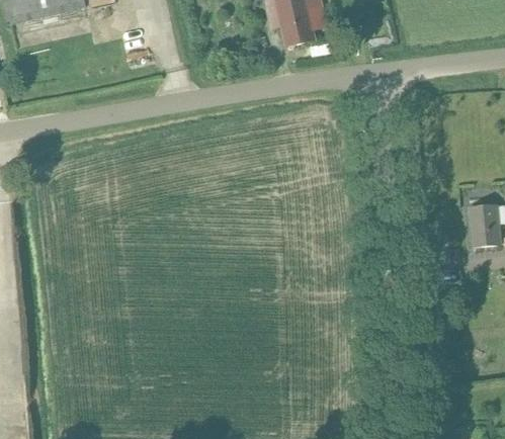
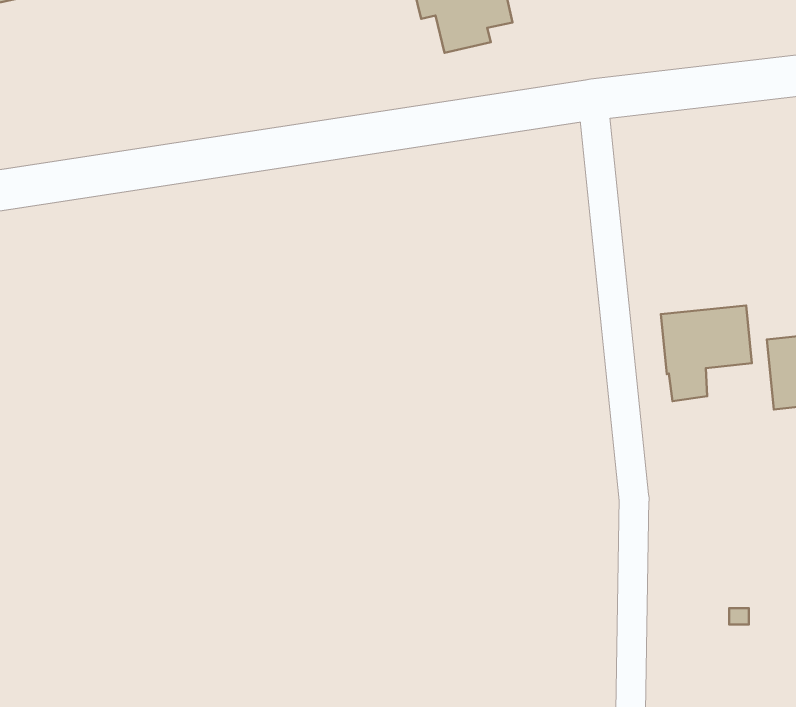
building: none -> [661,306,752,401]

